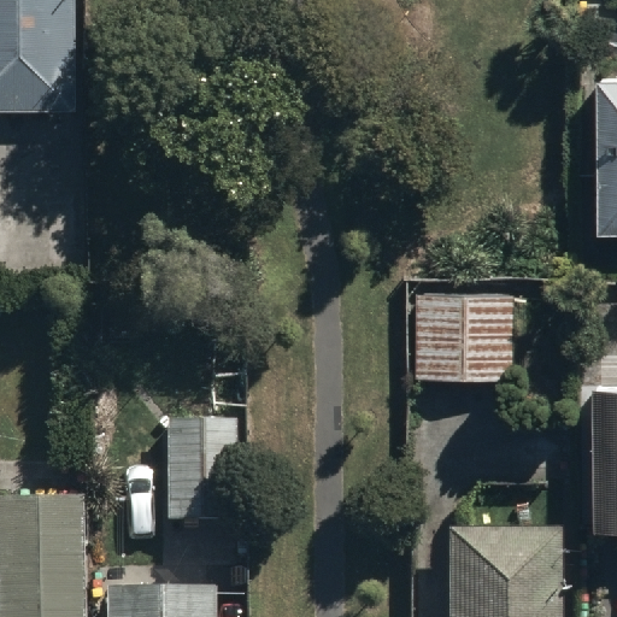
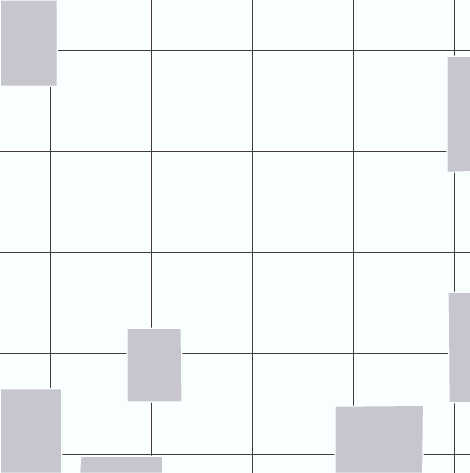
building: [415,293,512,383] -> none

